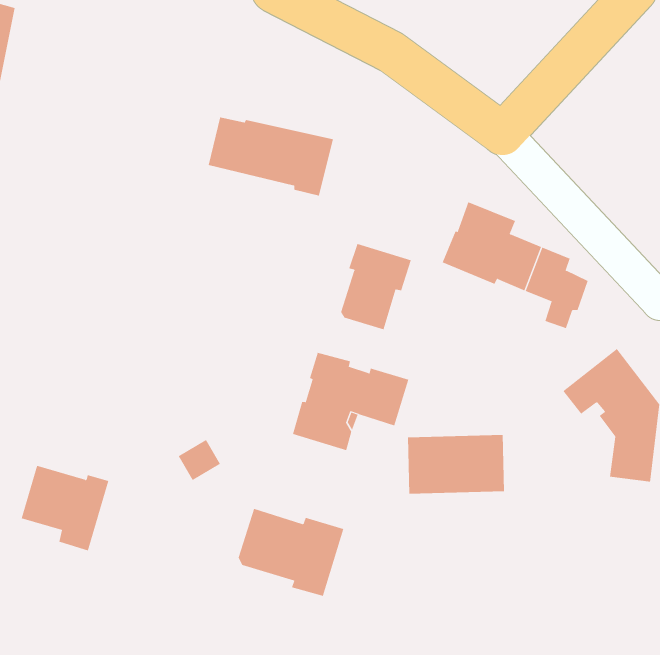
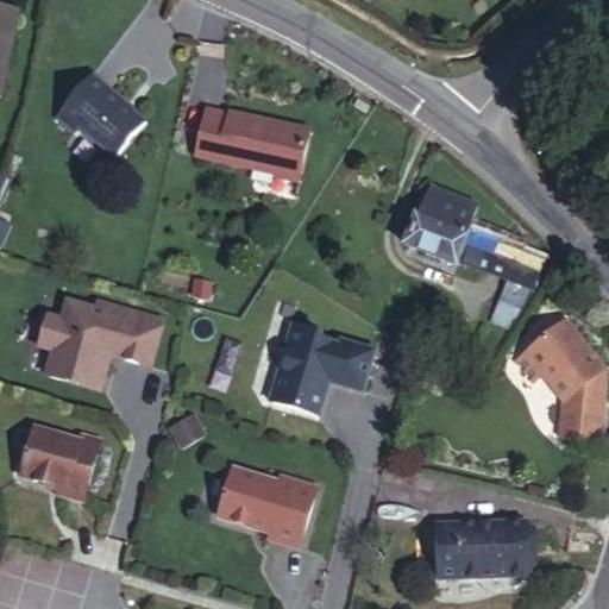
building: none -> [49,67,138,150]
building: [341,243,411,330] -> none
building: none -> [39,302,163,387]
building: [407,434,505,494] -> [434,522,523,577]

